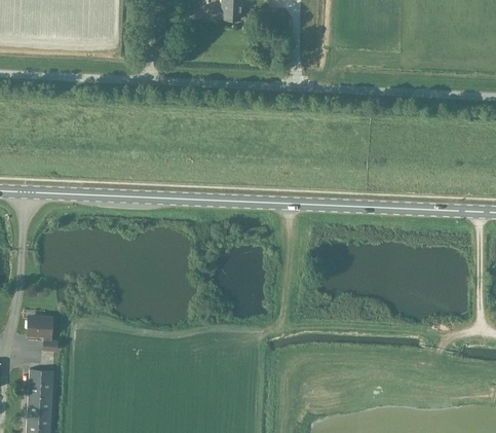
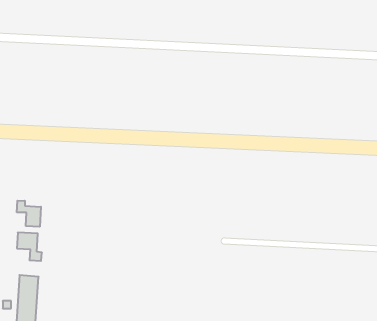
building: none -> [17,201,41,227]

